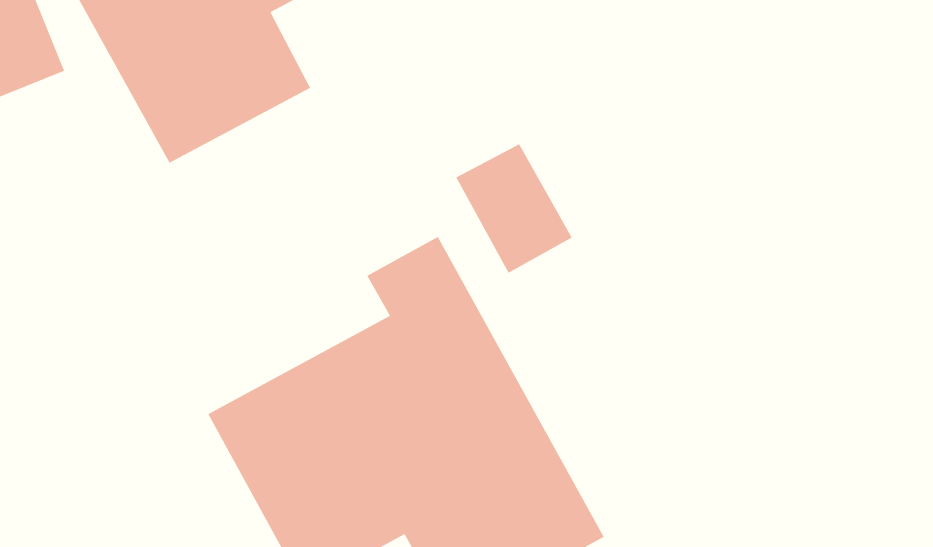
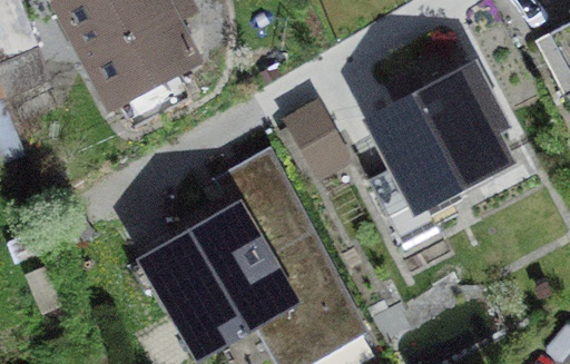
building: none -> [366,76,521,225]

